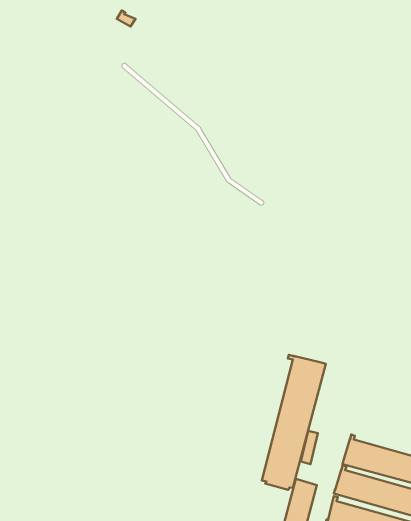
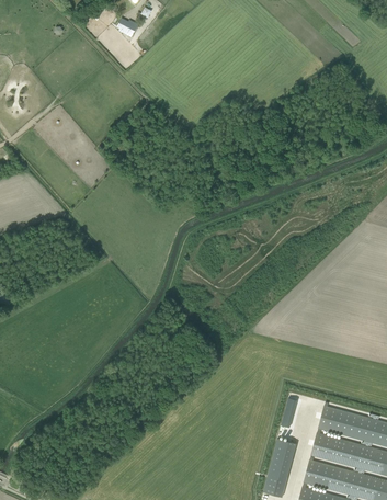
building: [262,355,326,490] -> none

